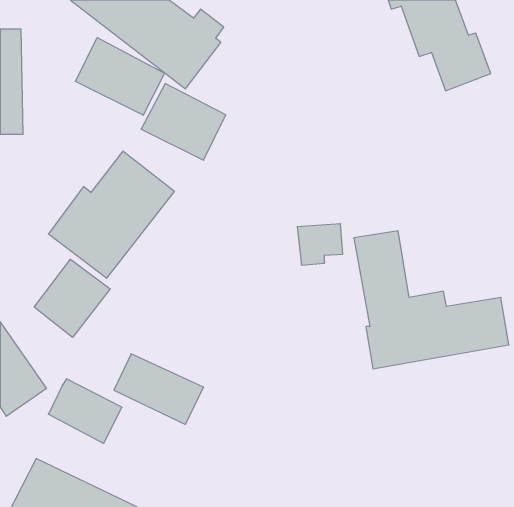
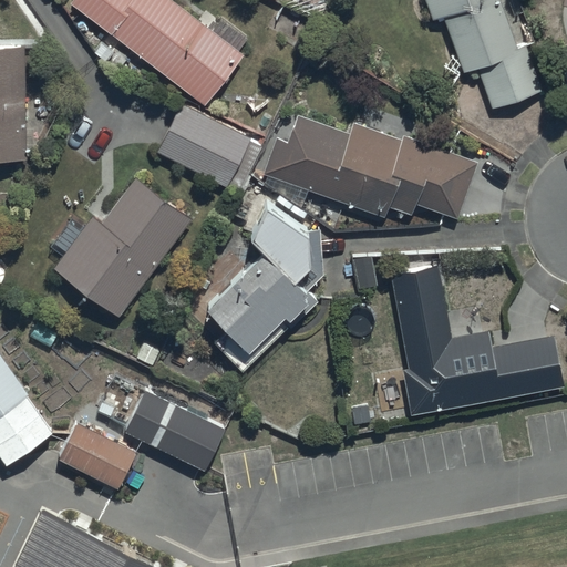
building: [76,38,165,115] -> none
building: none -> [264,111,477,219]
building: none -> [207,193,322,365]
building: [34,259,110,337] -> none

